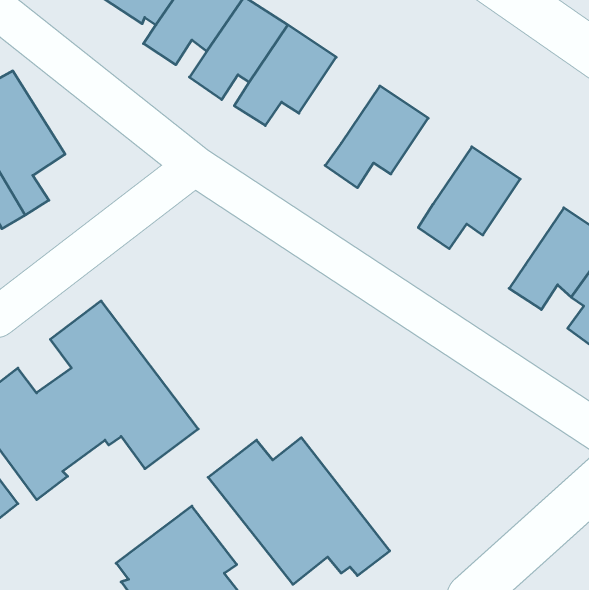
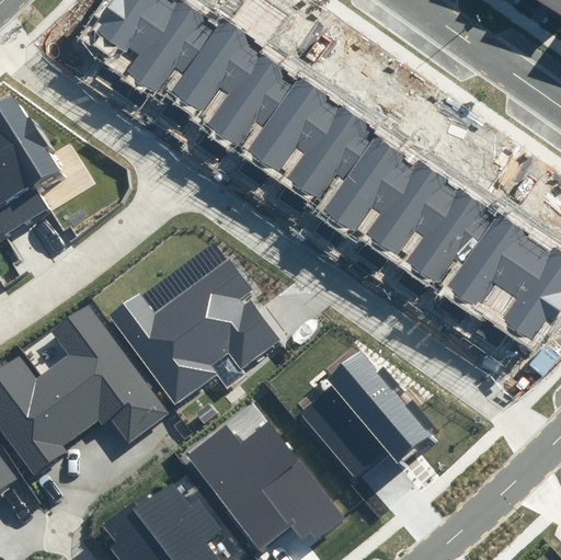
building: none -> [250,83,336,173]
building: none -> [331,137,417,228]
building: none -> [412,191,499,282]
building: none -> [105,254,277,405]
building: none -> [301,355,428,478]

